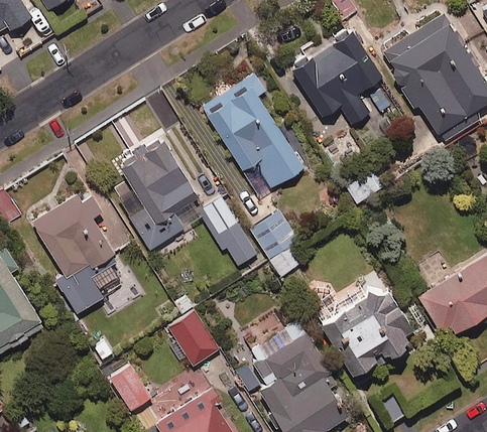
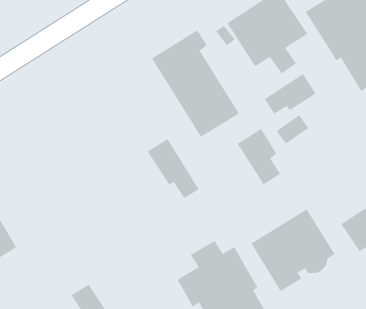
building: none -> [264,73,316,114]
building: [119,140,198,250] -> none
building: [34,190,122,313] -> none
building: [251,211,301,277] -> [237,128,281,185]
building: [171,316,219,367] -> none

